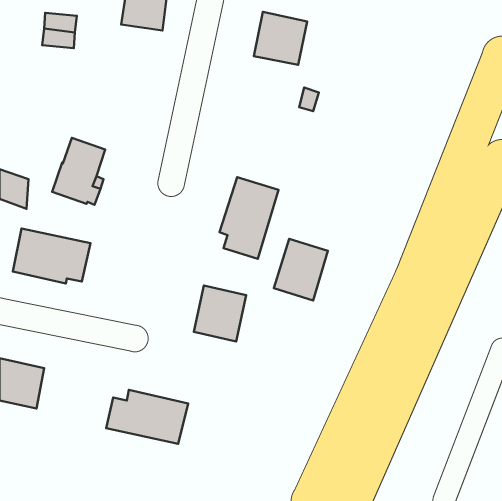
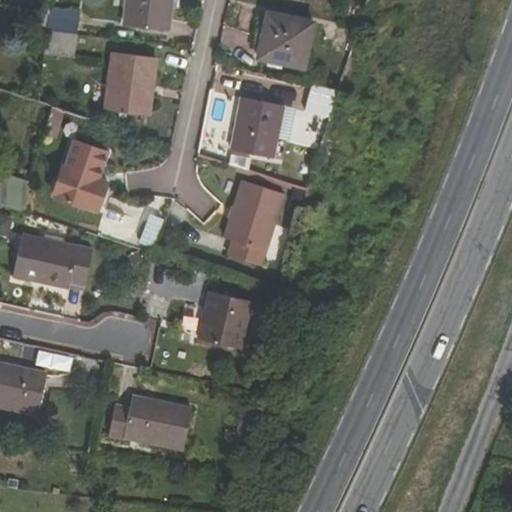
building: none -> [105,52,155,113]
building: none -> [230,97,295,156]
building: [274,239,328,300] -> none

